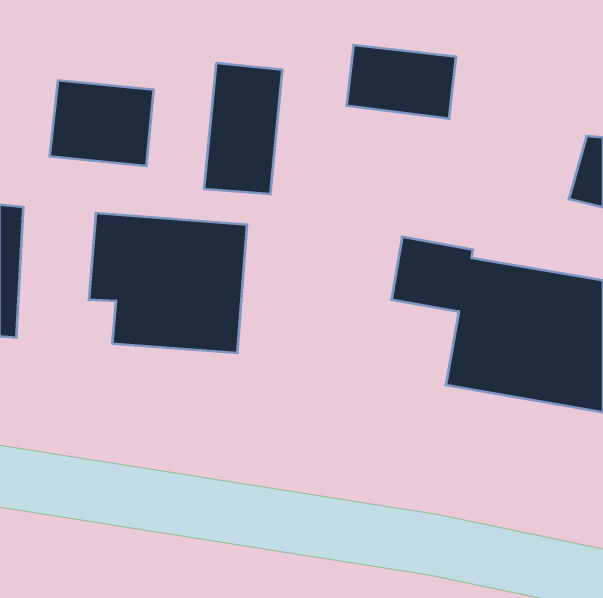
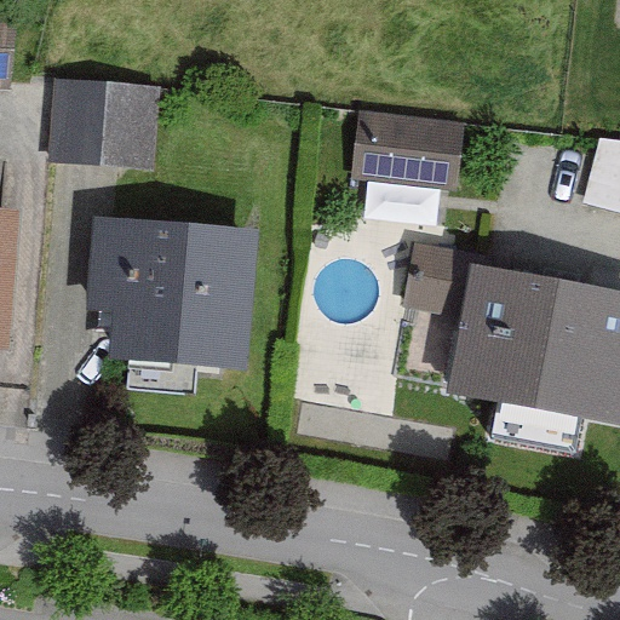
building: [346,45,456,119] -> [349,117,461,193]
building: [204,63,282,194] -> none

